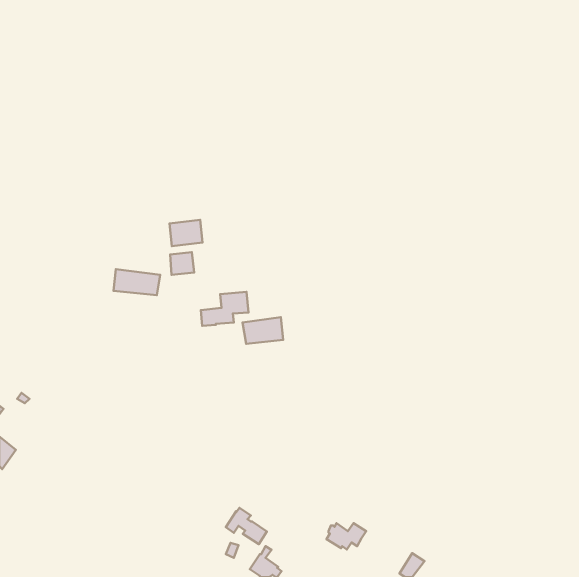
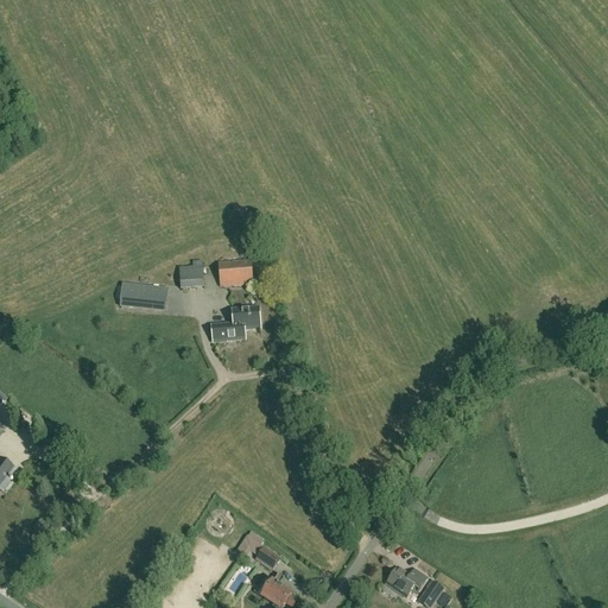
building: [170,220,203,246] -> [217,258,252,285]
building: [243,317,283,344] -> none
building: [326,523,366,549] -> [385,565,426,593]

